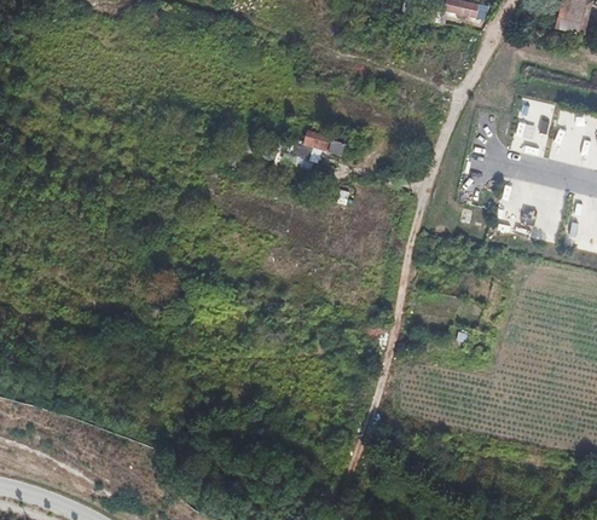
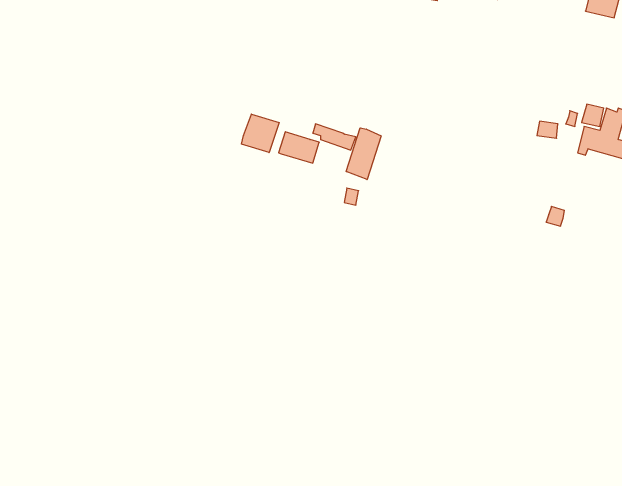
building: none -> [241,114,279,153]
building: none -> [346,128,381,180]

